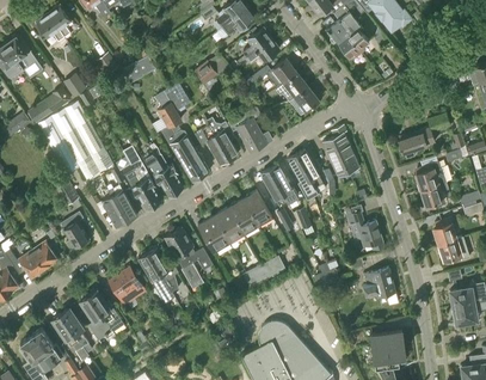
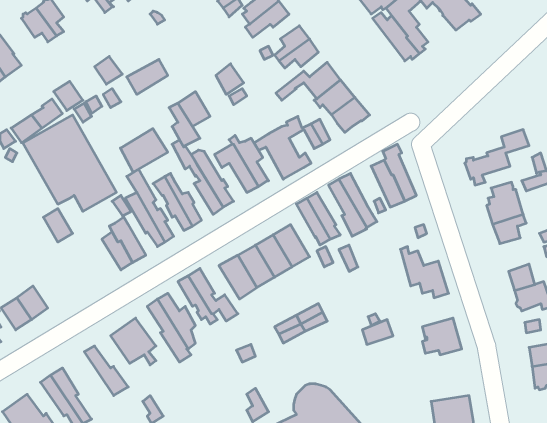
building: none -> [120,129,168,172]
building: [62,213,90,251] -> none
building: [80,295,116,345] -> none

